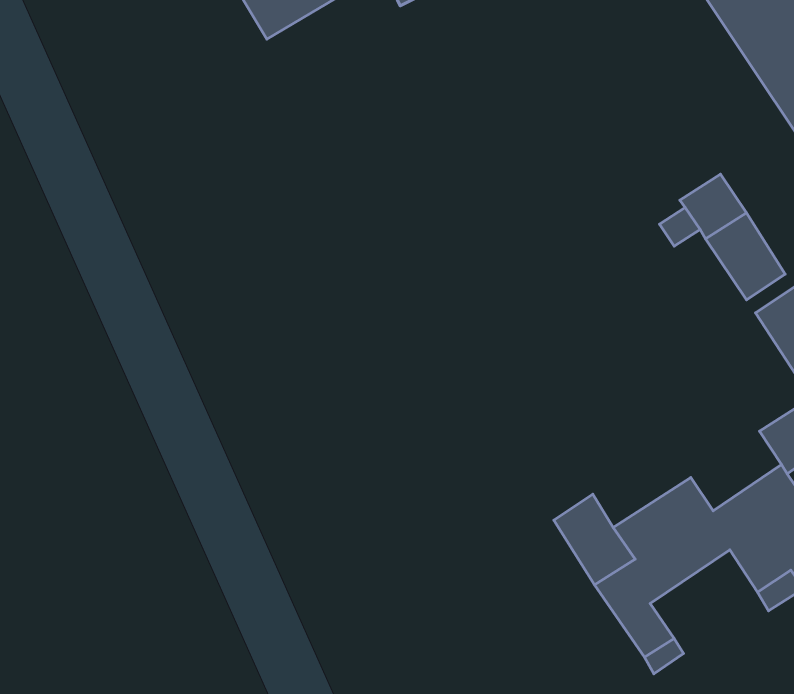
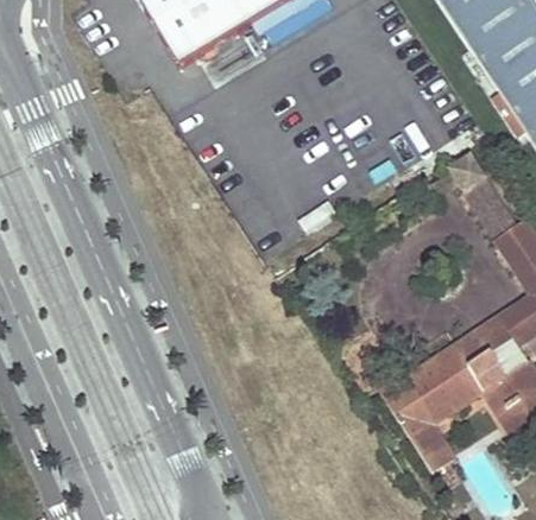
building: none -> [453,313,511,364]

